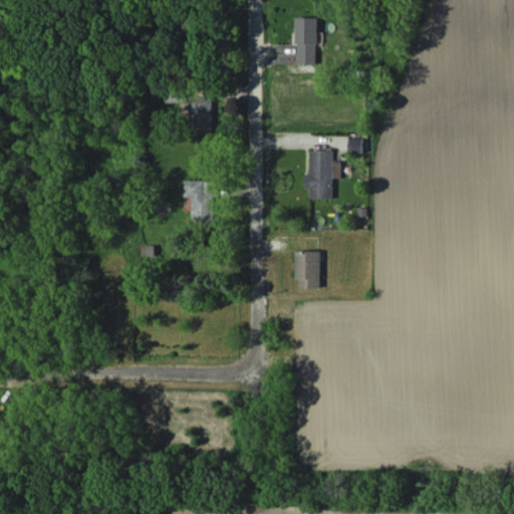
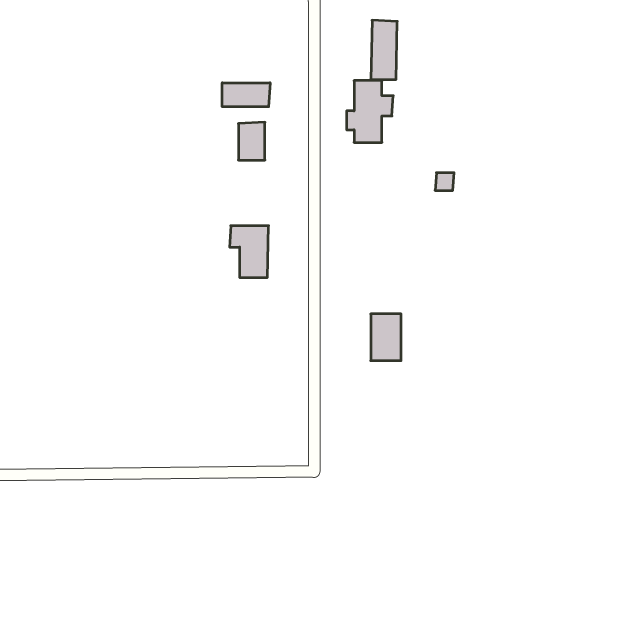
building: none -> [222,83,270,107]
building: [303,150,340,199] -> [347,81,393,142]

